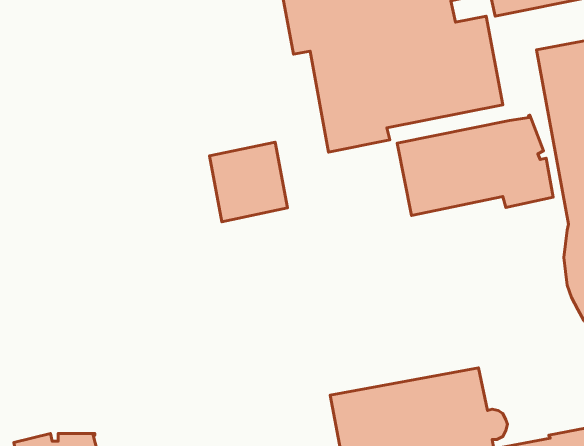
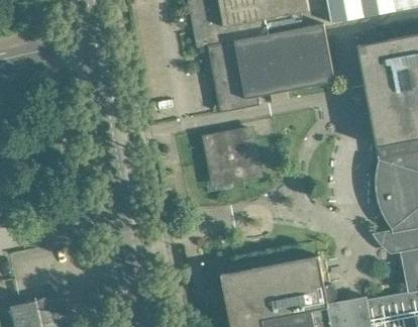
building: [397,115,553,215] -> none
building: [210,142,287,222] -> [207,130,258,183]

